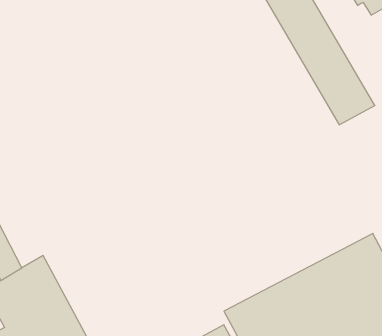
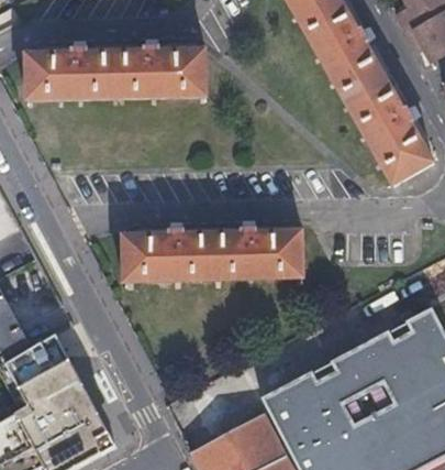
building: none -> [26,54,204,101]
building: none -> [124,231,301,278]

